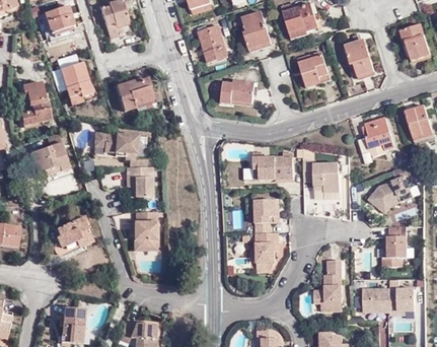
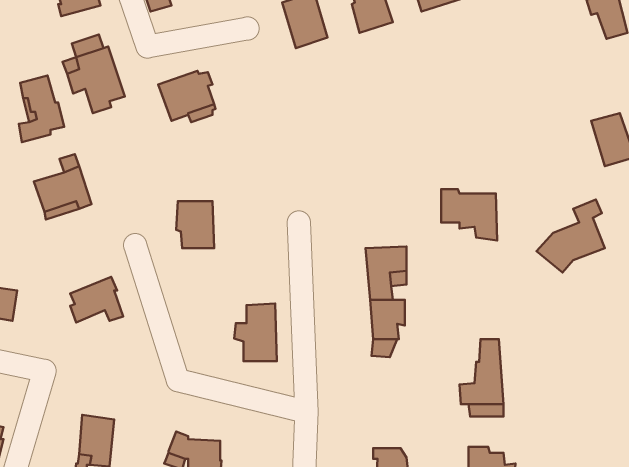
building: [347,40,374,75] -> none
building: [295,48,330,83] -> none
building: [220,80,253,105] -> none
building: [356,119,394,157] -> none
building: [93,132,150,165] -> none
building: [253,151,292,178] -> none
building: [128,210,156,249] -> [234,304,277,361]
building: [382,226,407,267] -> none
building: [361,278,413,315] -> none

